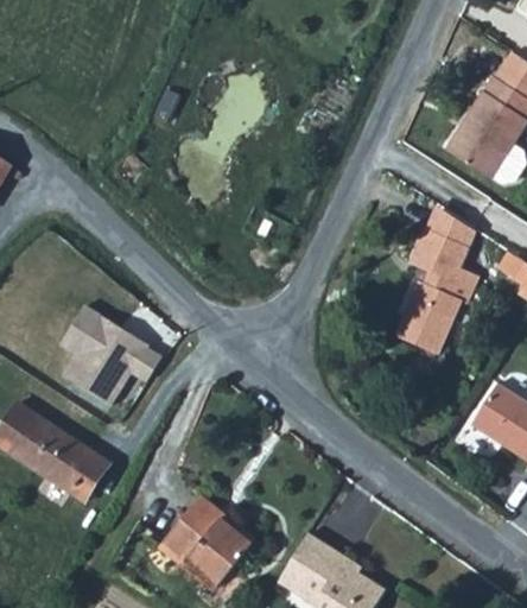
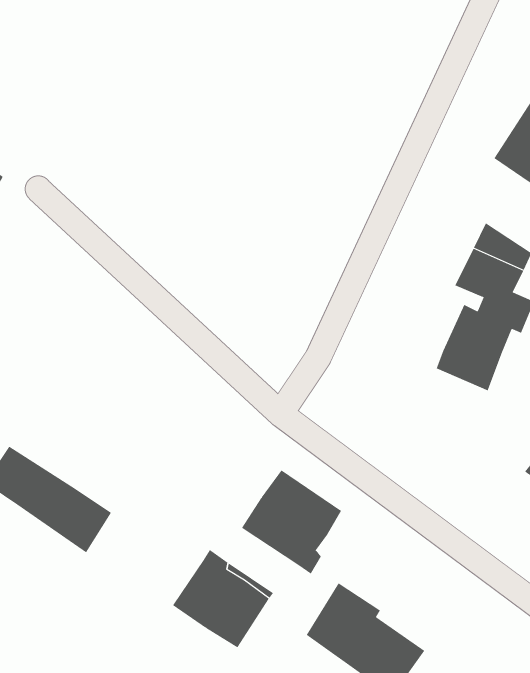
building: [61,308,163,407] -> none
building: none -> [241,469,342,574]

